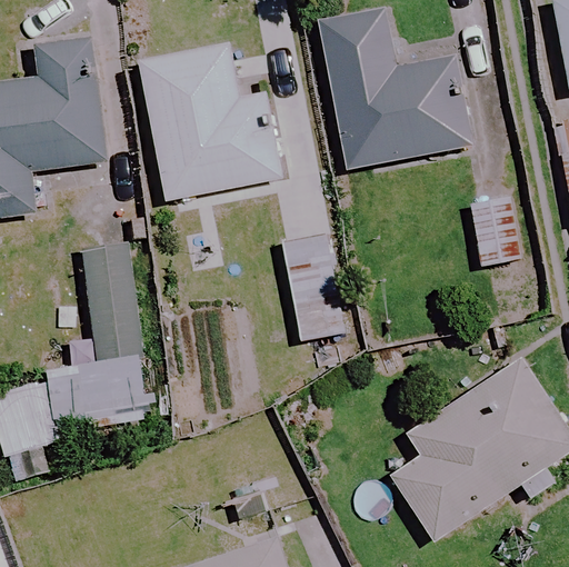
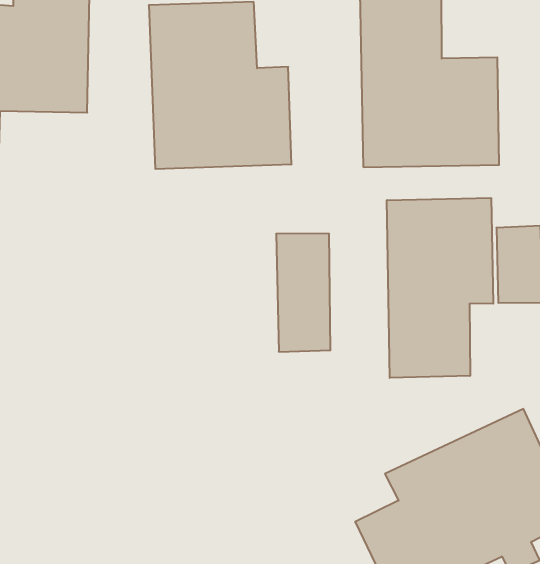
building: none -> [387,198,493,378]
building: [79,242,150,421] -> none

